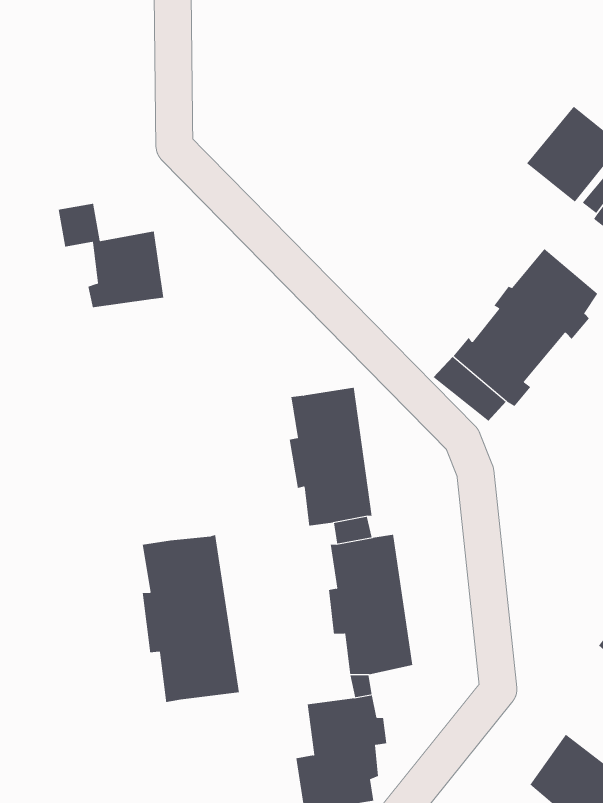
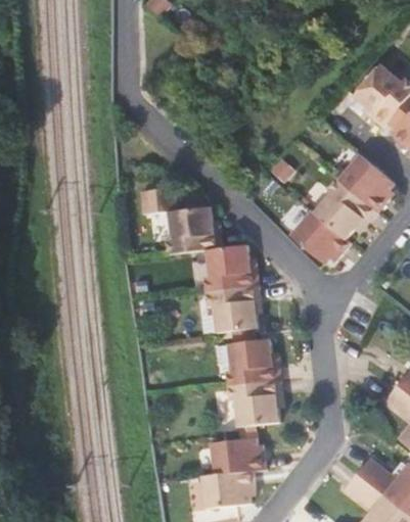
building: [58,203,164,308] -> [144,188,211,253]
building: [142,534,239,703] -> none

